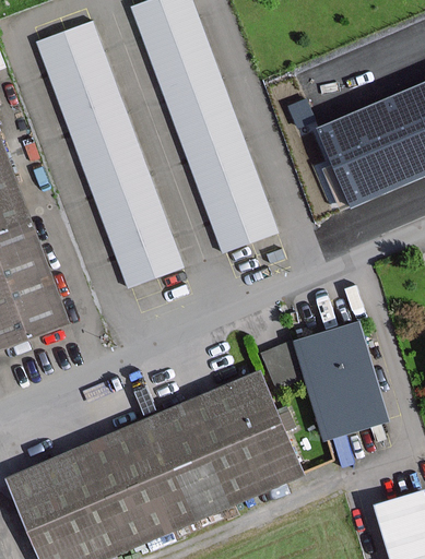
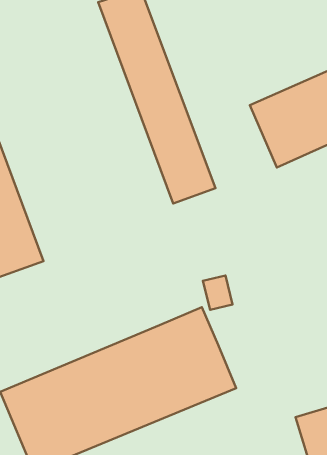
building: [40,23,180,282] -> none
building: [293,322,385,439] -> none

